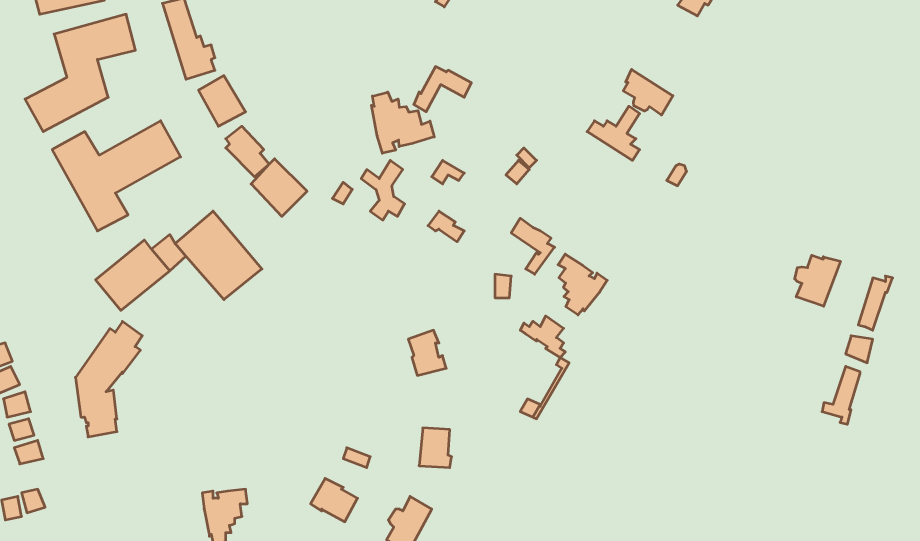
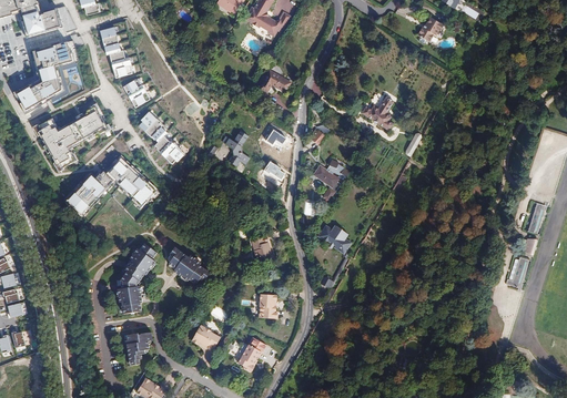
building: [623,69,673,115] -> none
building: [371,92,434,153] -> none
building: [558,254,607,315] -> none
building: [795,255,840,306] -> none
building: [75,321,142,437] -> [115,243,156,314]
building: none -> [168,246,210,283]

